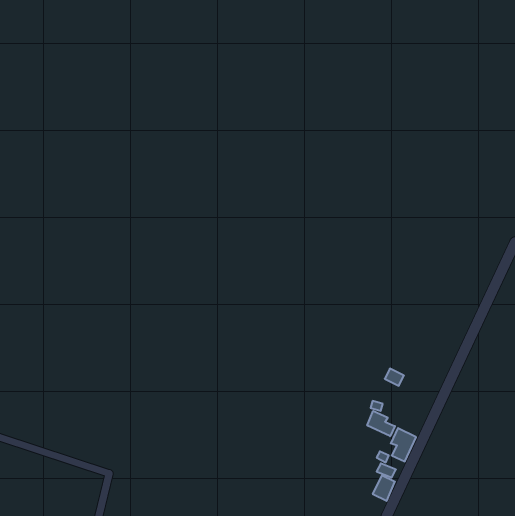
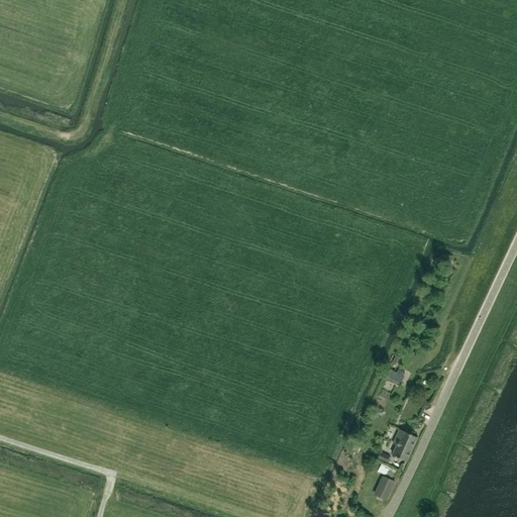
building: [367,411,395,436] -> none

